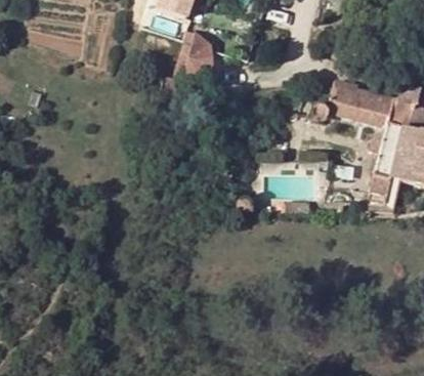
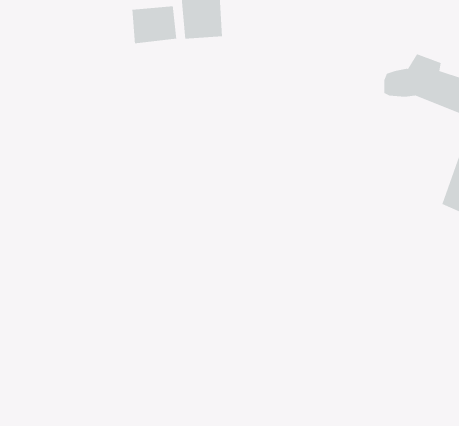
building: none -> [132,6,177,44]

